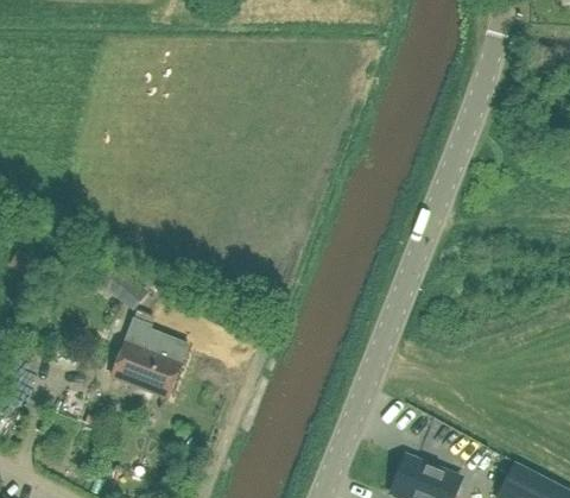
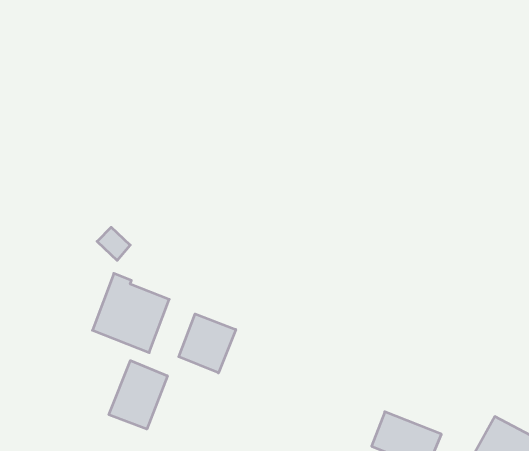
building: none -> [179,314,236,373]
building: none -> [109,361,167,429]

